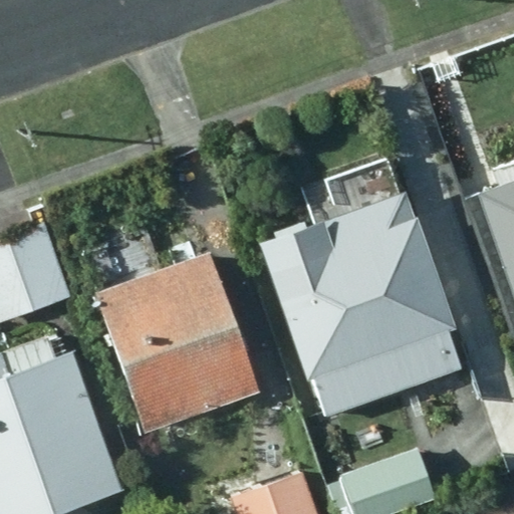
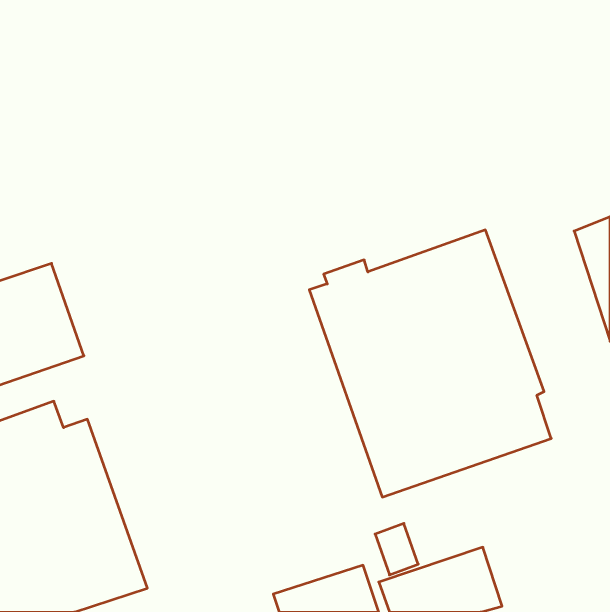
building: [94,252,261,436] -> none

